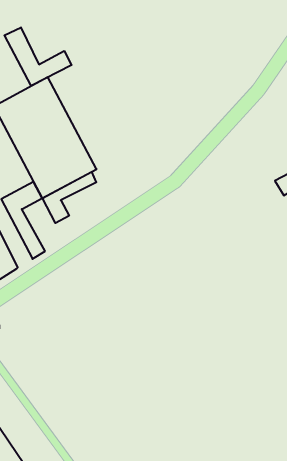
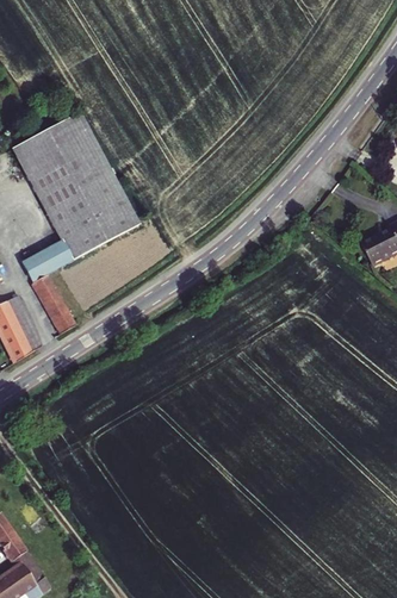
building: [4,27,72,86] -> none
building: [43,172,96,223] -> none

